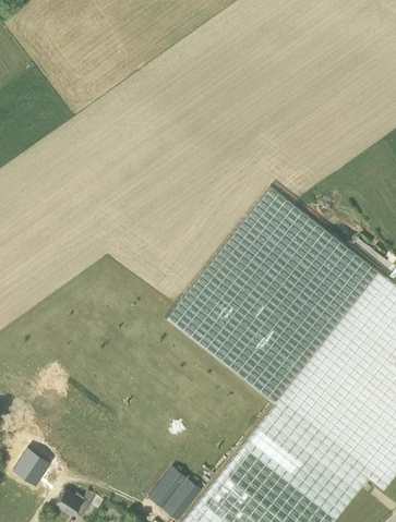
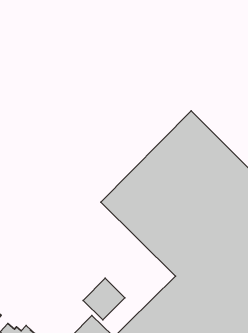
building: none -> [83,278,125,320]

